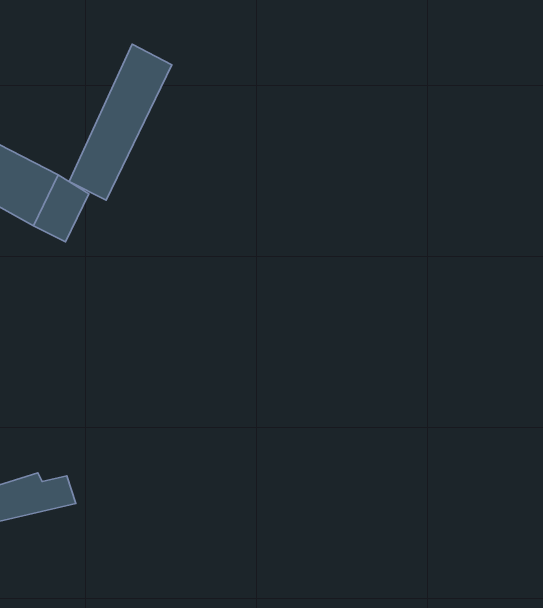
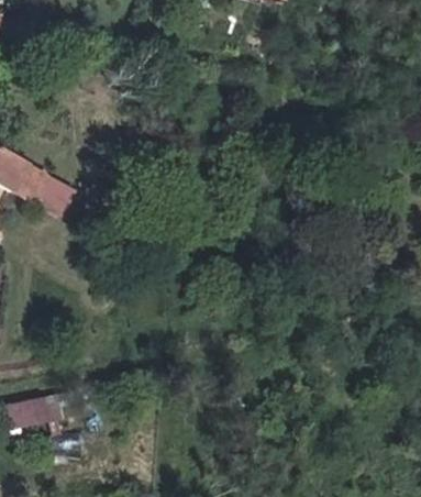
building: [69,44,172,200] -> none

